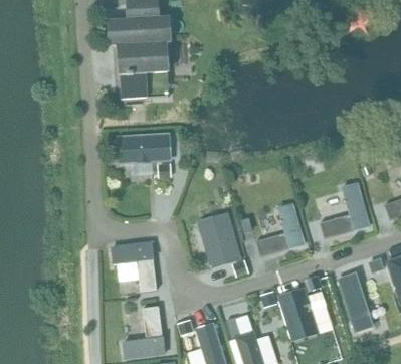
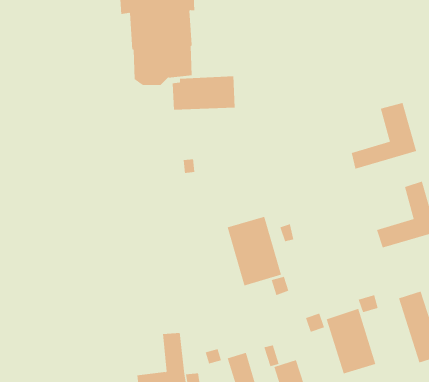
building: none -> [351,102,417,169]
building: [118,134,170,162] -> [172,76,236,110]
building: [255,203,304,255] -> none
building: [111,241,156,291] -> none

